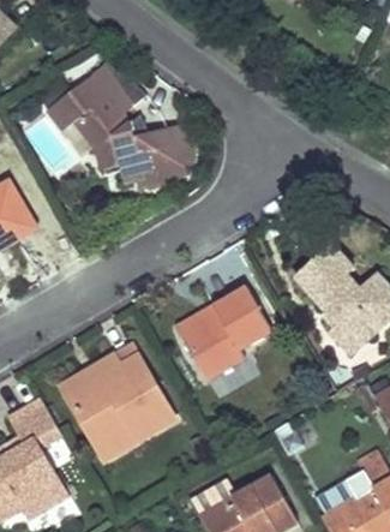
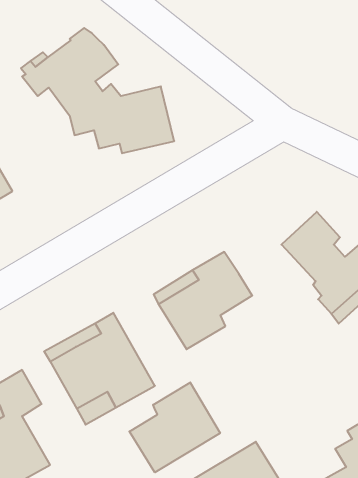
building: none -> [129,382,220,472]

